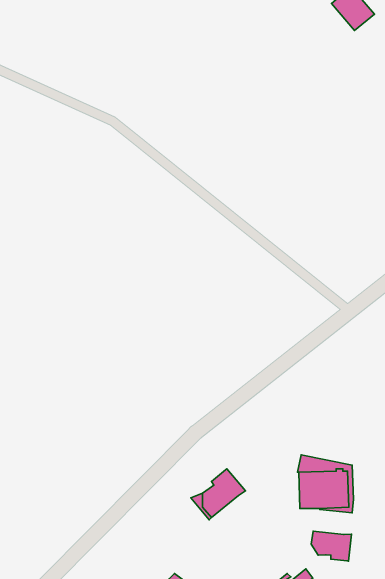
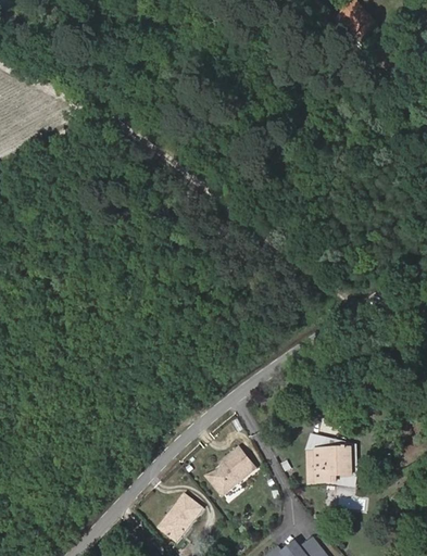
building: none -> [159,493,203,542]
building: [311,531,351,561] -> none

